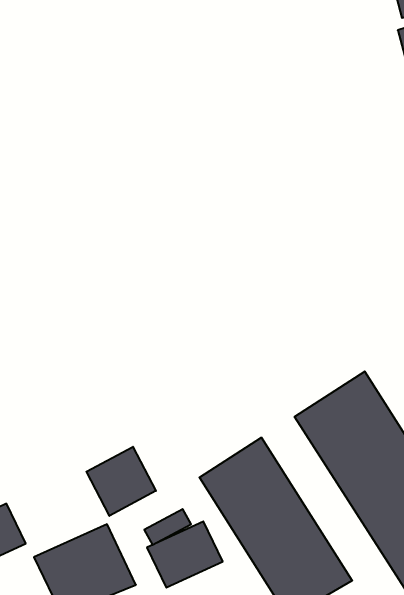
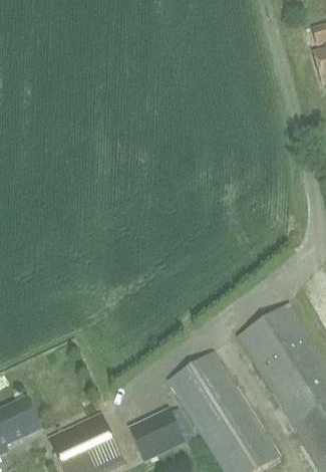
building: [86,447,156,516] -> none

